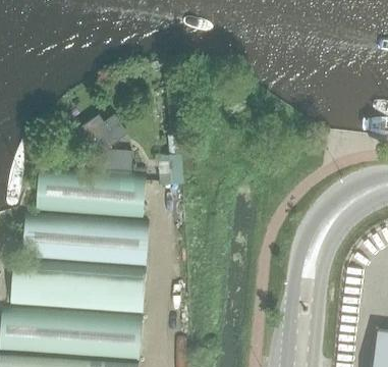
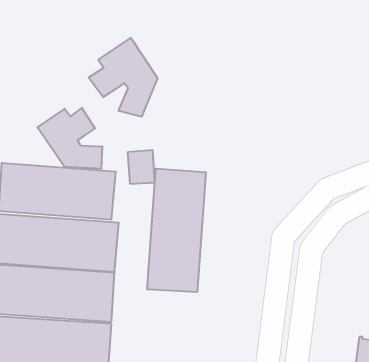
building: none -> [89,38,157,117]
building: none -> [147,168,206,292]

